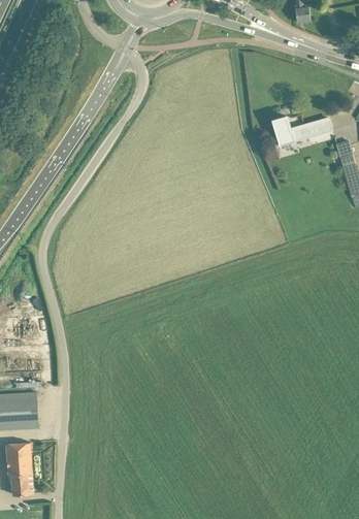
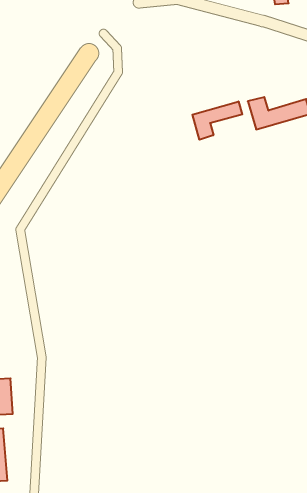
building: none -> [192,101,242,140]

